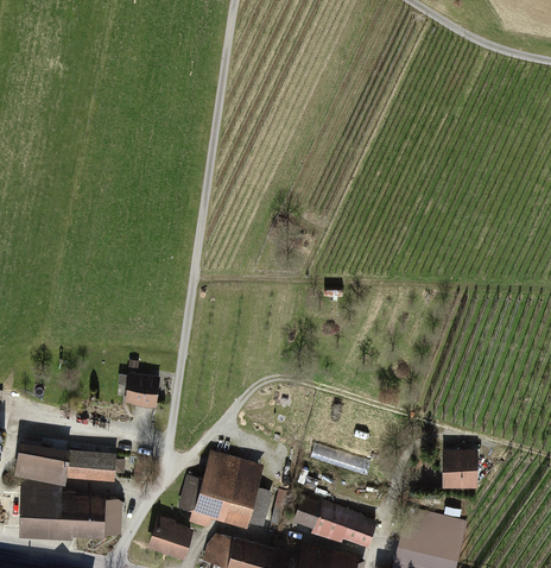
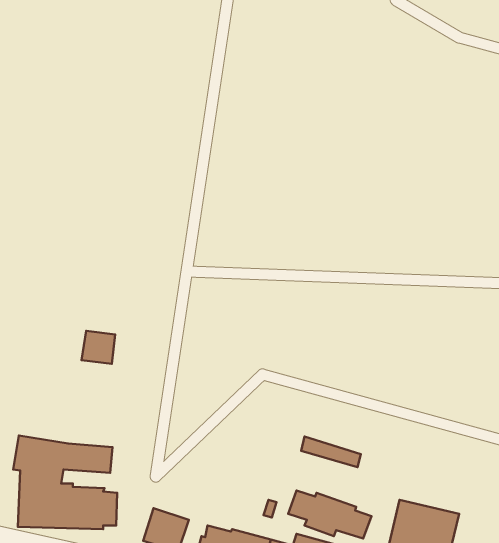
building: [124,375,158,409] -> [81,331,115,364]
building: [441,450,476,487] -> none
building: [177,453,272,529] -> none

